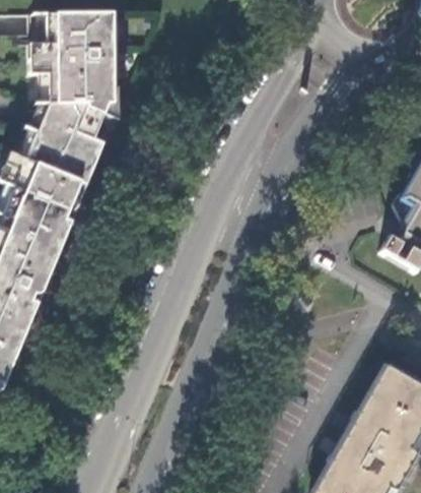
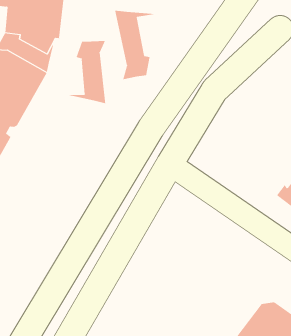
building: none -> [115,10,160,80]
building: none -> [62,40,106,104]

